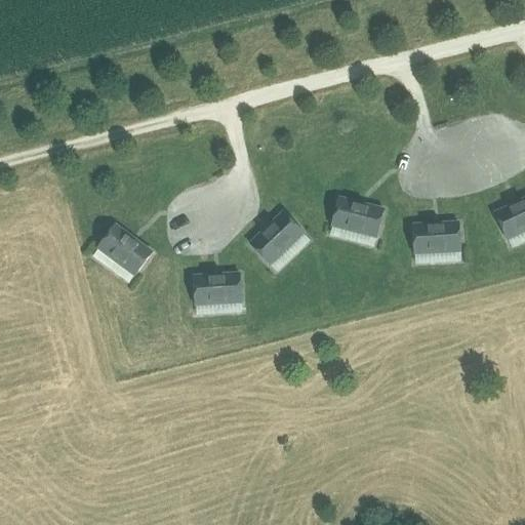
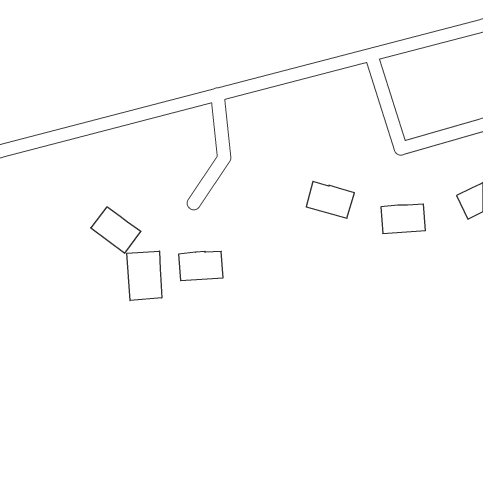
building: [250,211,305,264] -> none
building: none -> [127,251,162,301]

